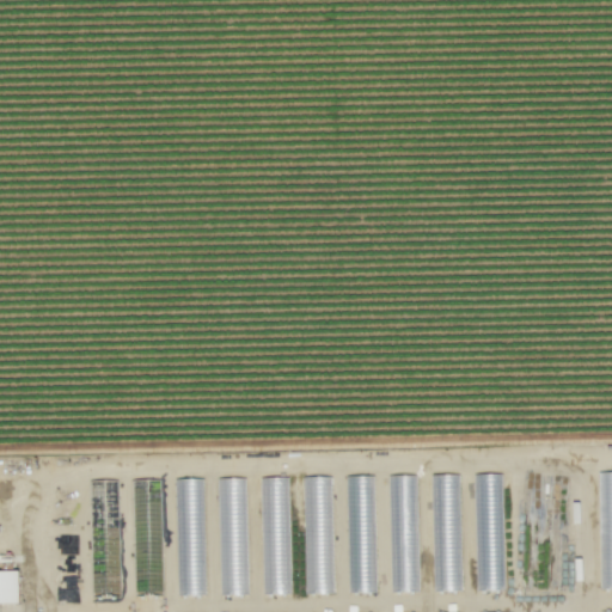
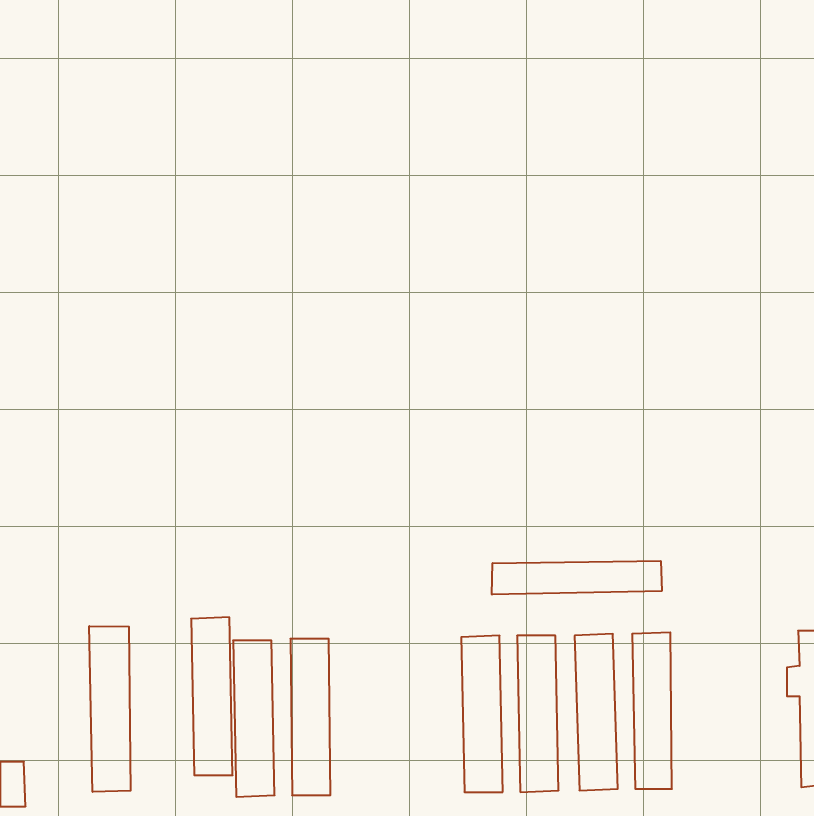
building: none -> [492,561,662,595]
building: none -> [89,626,131,792]
building: [261,477,292,595] -> [191,617,233,775]
building: [304,477,335,594] -> none

